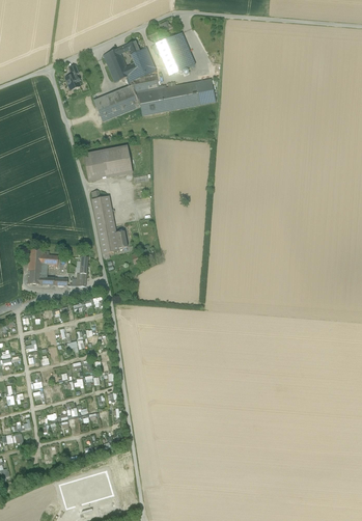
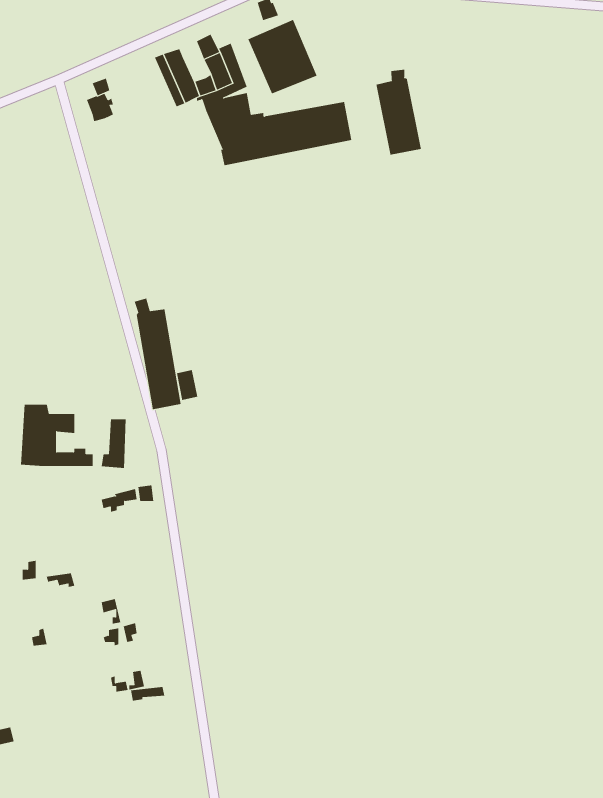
building: none -> [376,69,421,155]
building: [94,84,141,121] -> none
building: [82,145,133,184] -> none

